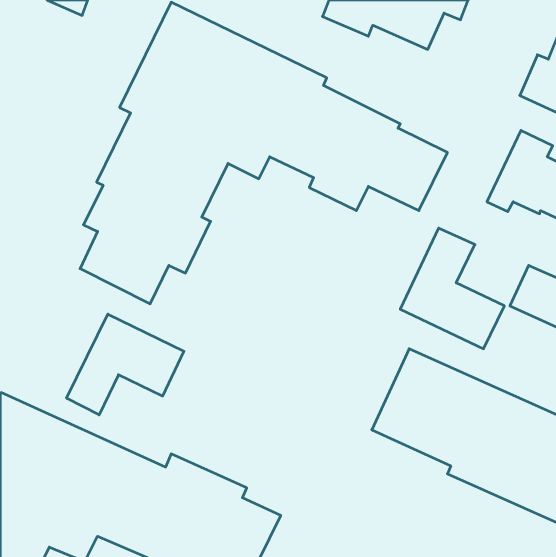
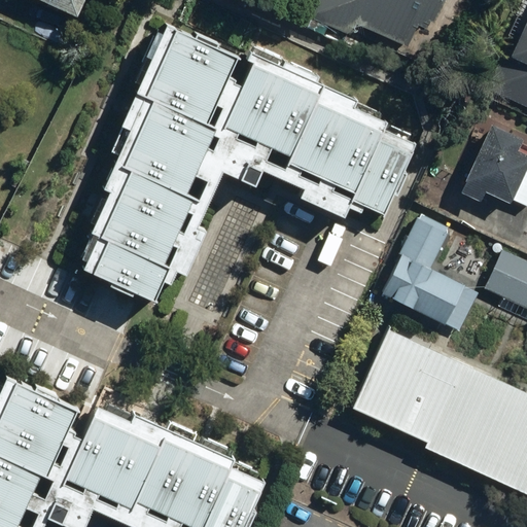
building: [67,314,184,415] -> none

